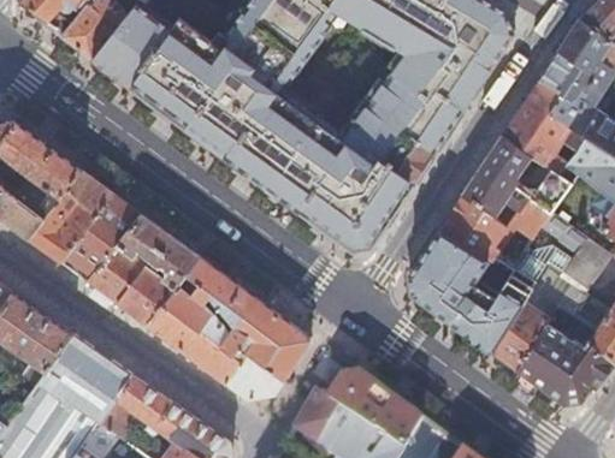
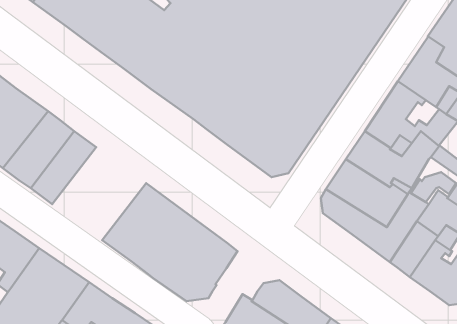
building: [88,213,201,325] -> none

